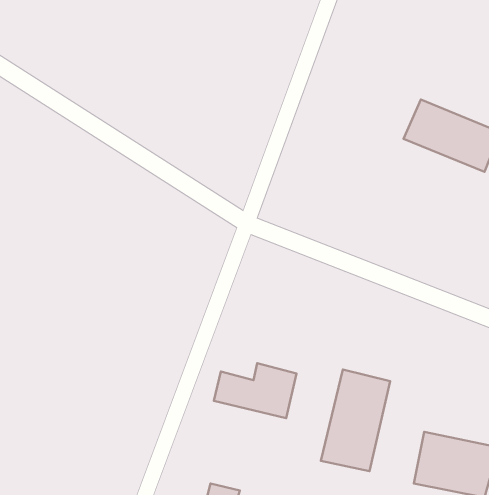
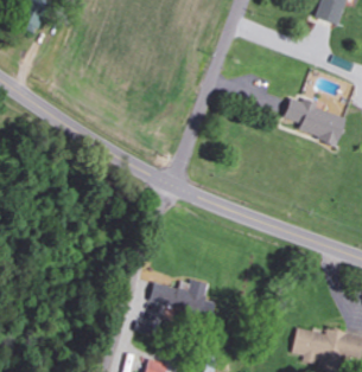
building: [321,369,390,471] -> none

